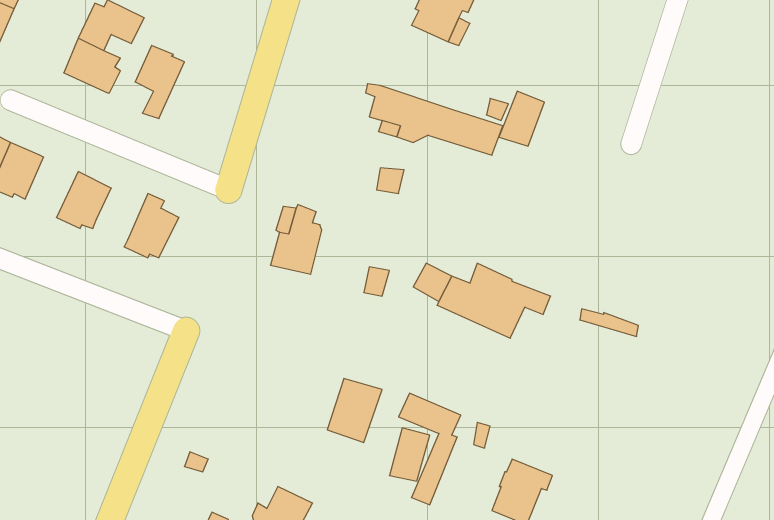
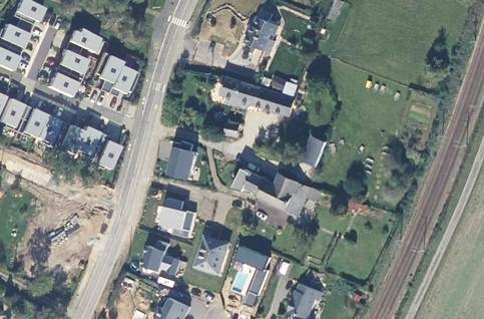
building: none -> [106,62,136,97]
building: none -> [46,68,79,96]
building: [499,91,544,146] -> [301,134,326,165]
building: none -> [33,114,62,147]
building: none -> [72,126,100,160]
building: none -> [161,197,195,236]
building: none -> [143,239,180,273]

